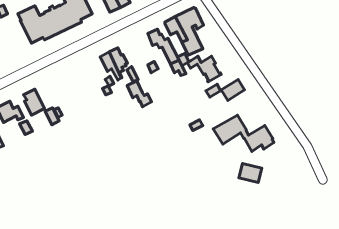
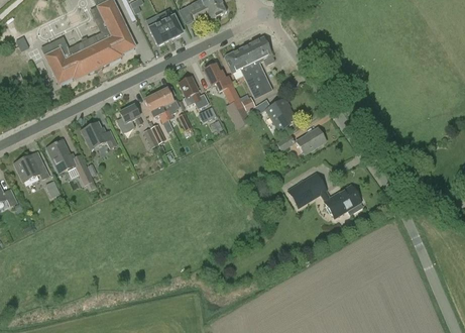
building: none -> [117,105,143,131]
building: none -> [81,122,116,147]
building: [127,81,152,107] -> [179,76,209,108]
building: [239,163,262,183] -> none

